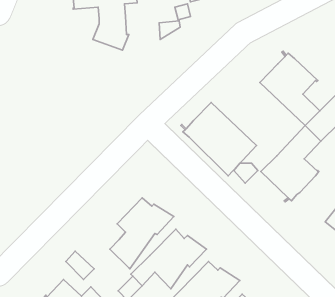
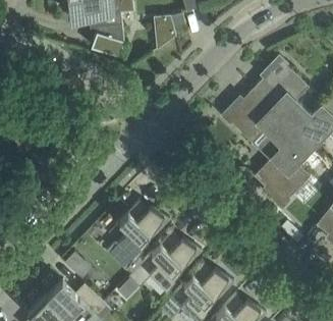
building: [181,103,256,176] -> [223,89,296,160]

